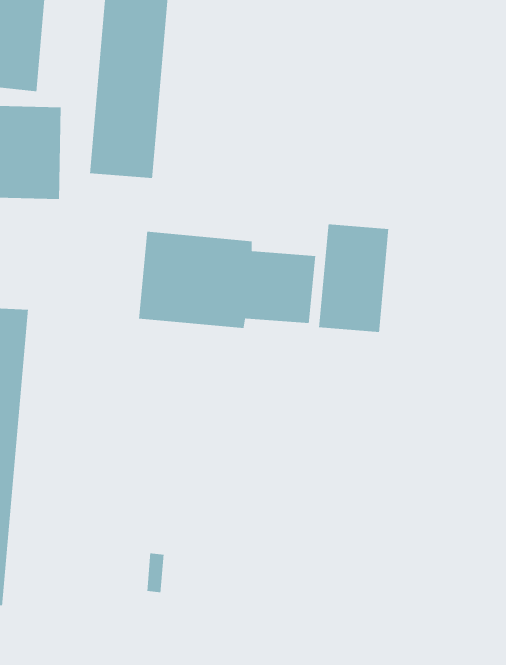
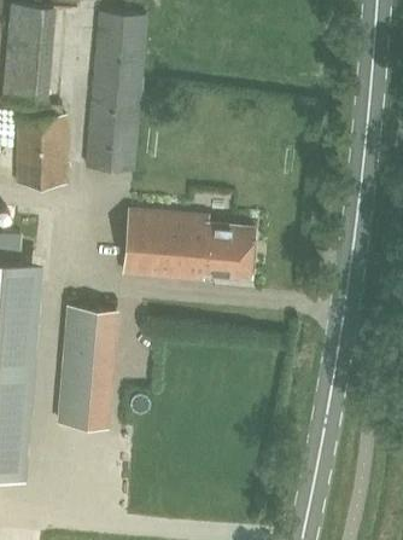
building: [318,224,389,333] -> none
building: none -> [57,309,116,434]

